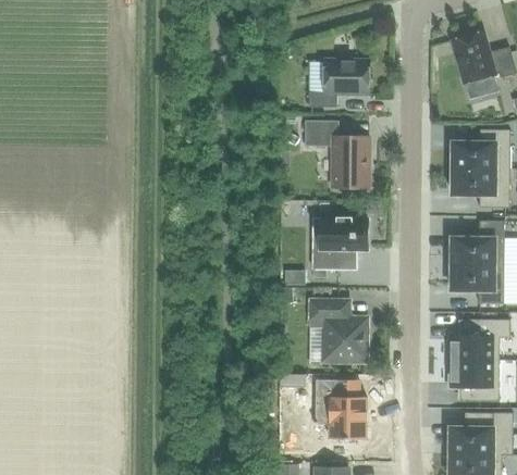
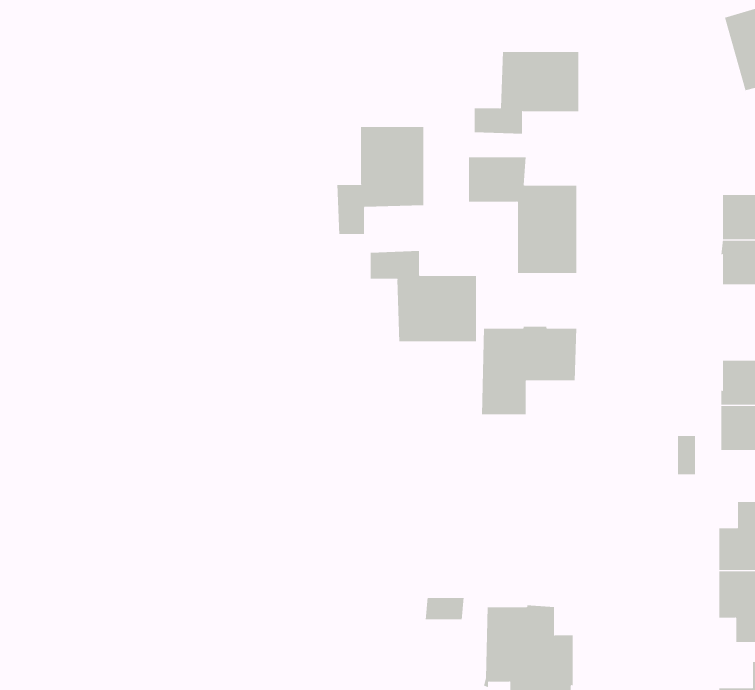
building: none -> [337,126,424,235]
building: none -> [370,250,477,342]
building: [309,300,366,362] -> none

